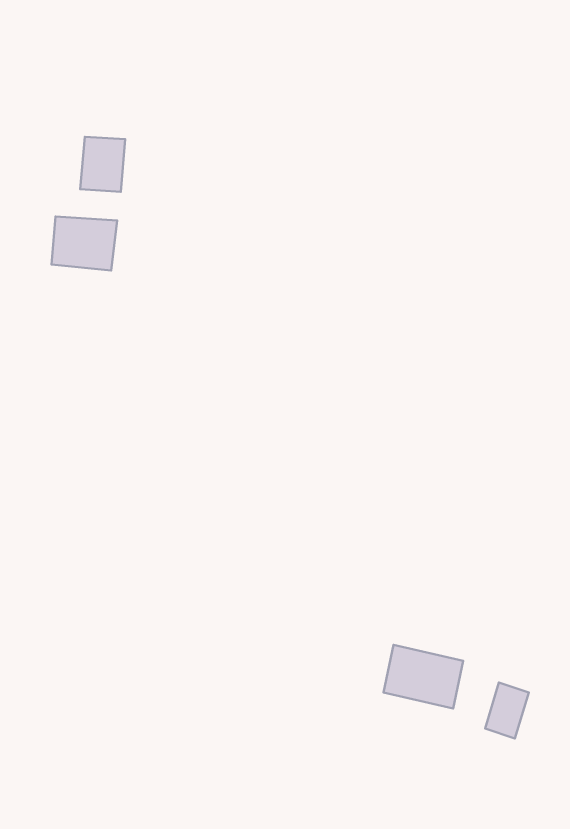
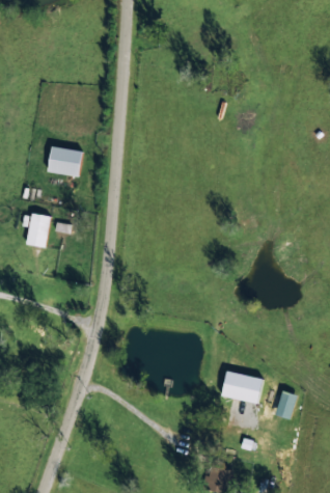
building: [80,137,125,192] -> none
building: none -> [26,213,49,247]

